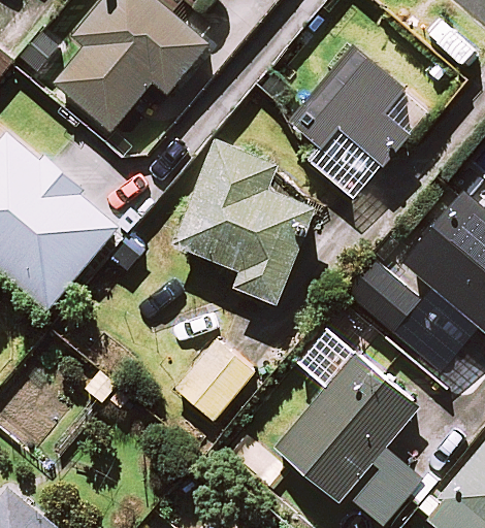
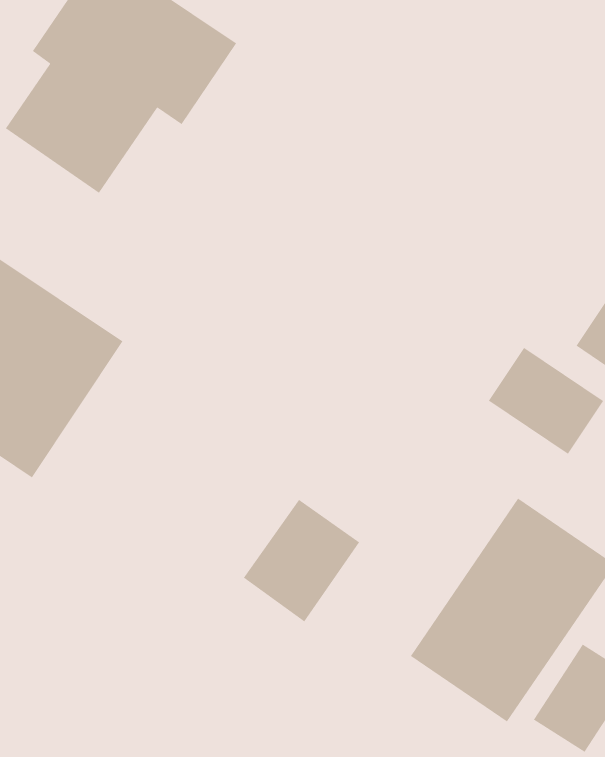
building: [292,45,428,162] -> none
building: [173,141,316,303] -> none

